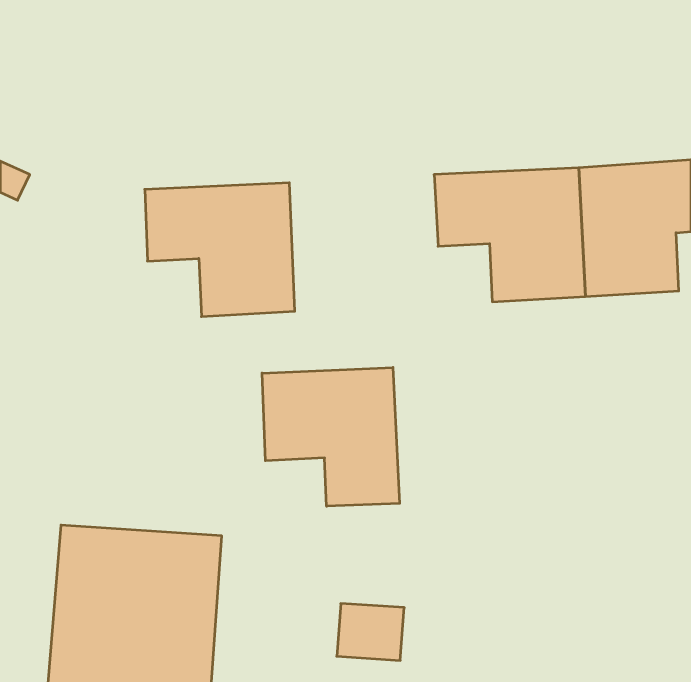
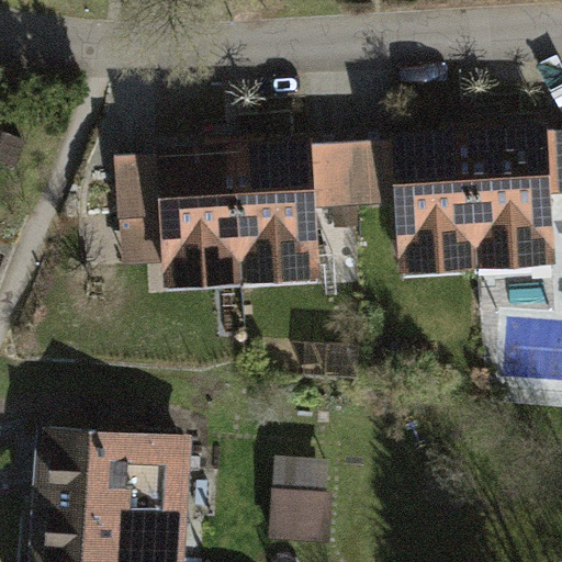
building: none -> [235,149,356,260]
building: [262,367,400,506] -> none

